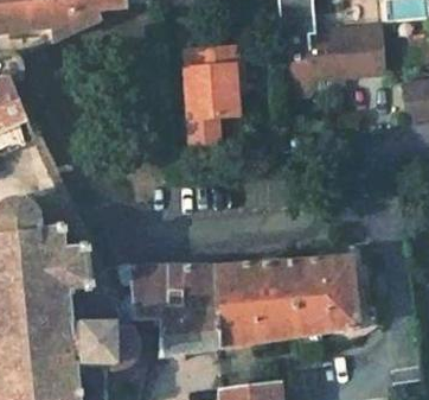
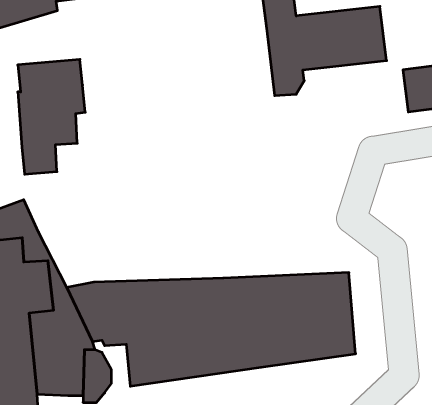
building: [186,31,245,132] -> [18,59,85,174]

